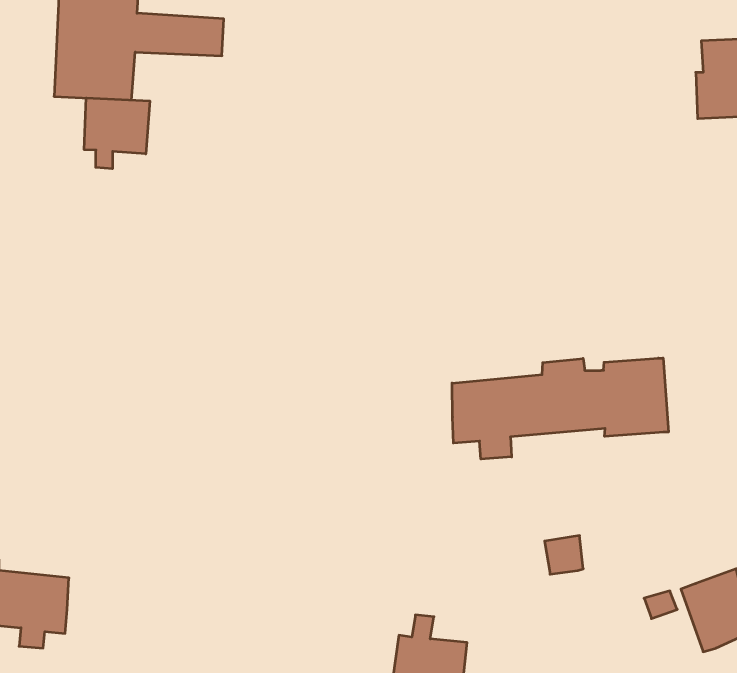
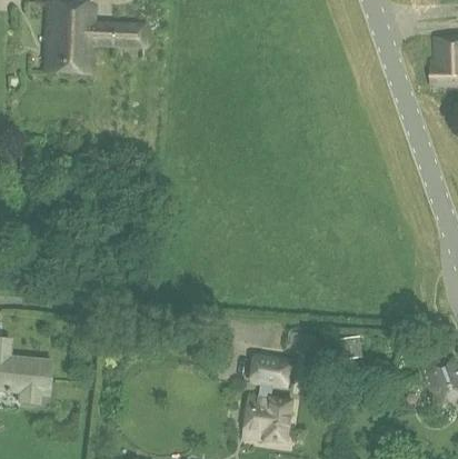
building: [84,98,150,169] -> none
building: [452,358,668,459] -> none
building: none -> [250,355,290,387]

